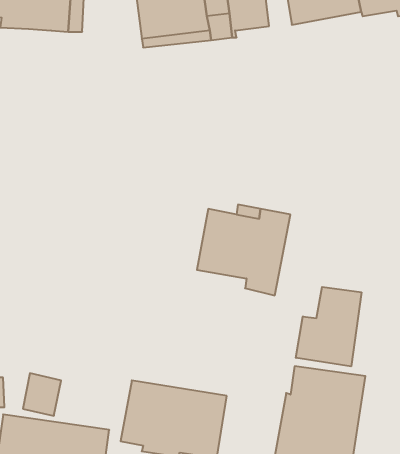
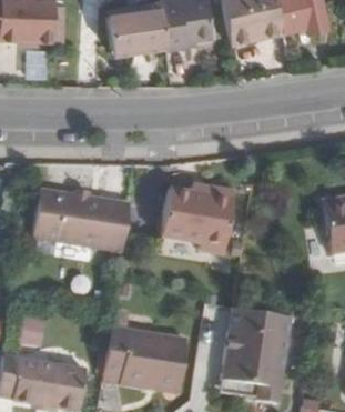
building: none -> [27,183,125,248]
building: [296,287,361,366] -> none

